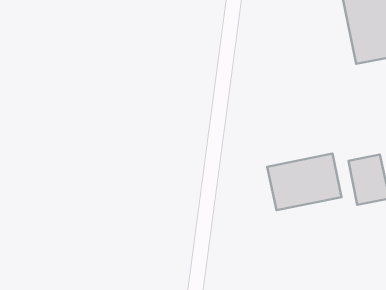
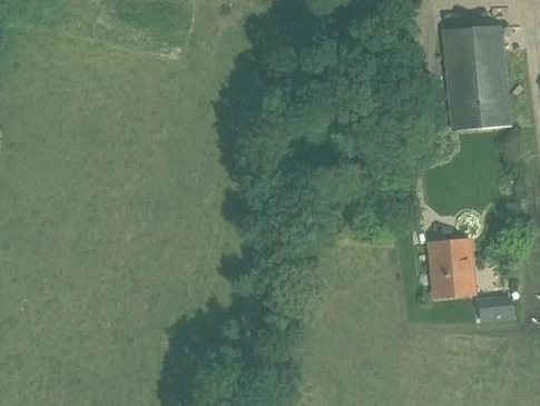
building: [267,154,342,210] -> none

